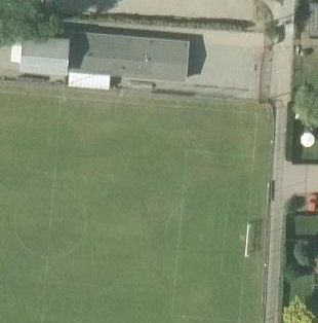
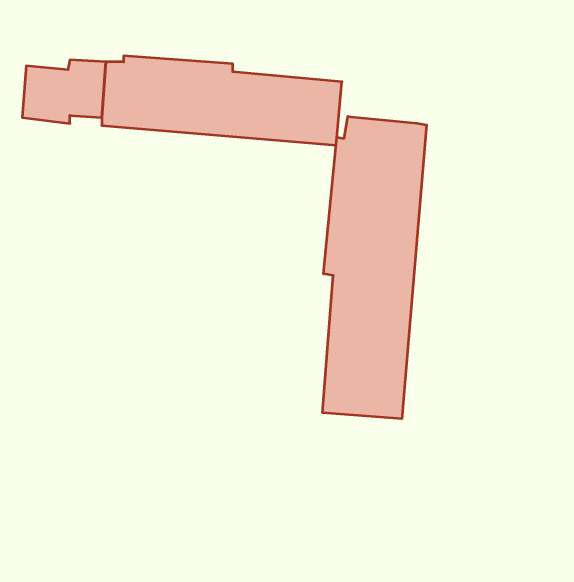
building: none -> [323,116,427,419]

